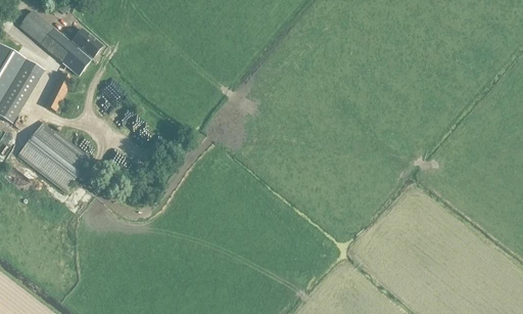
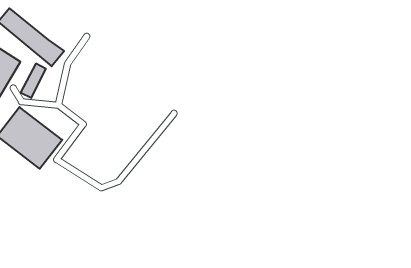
building: [73,31,101,58] -> none

